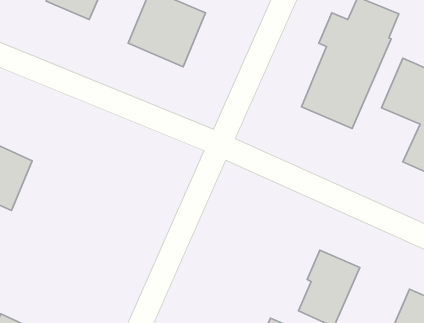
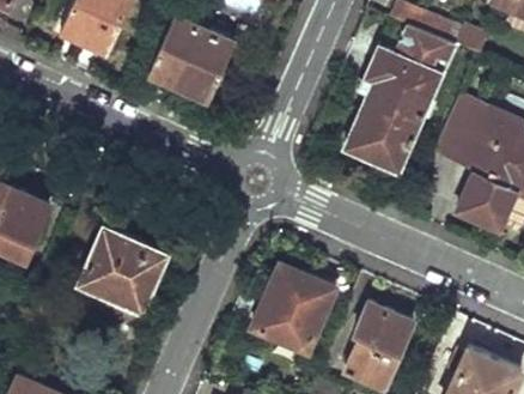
building: none -> [77,226,165,314]
building: none -> [250,266,335,357]

